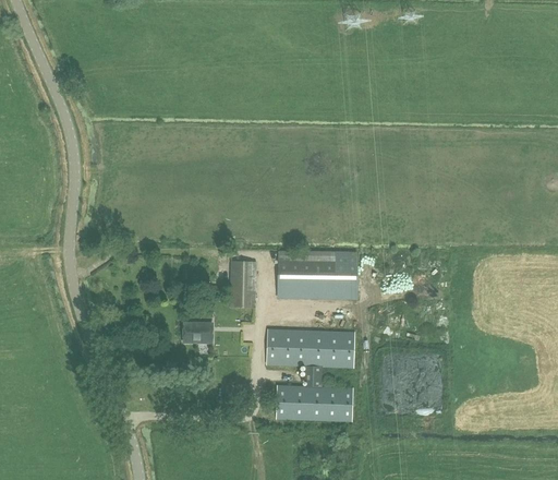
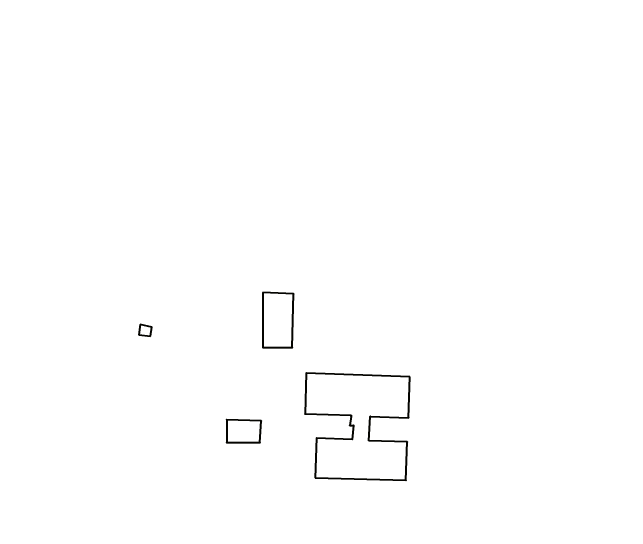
building: [277,250,356,298] -> none
building: [182,322,211,341] -> [227,420,261,443]

